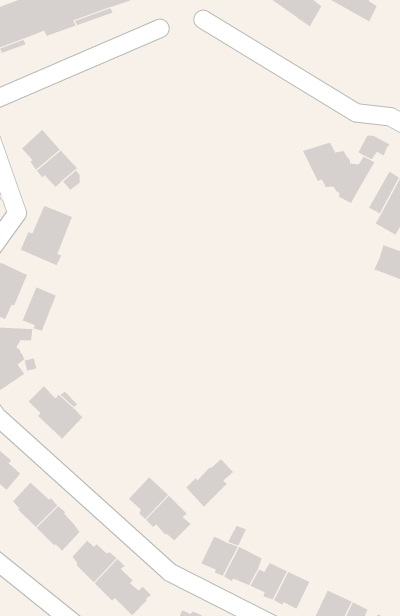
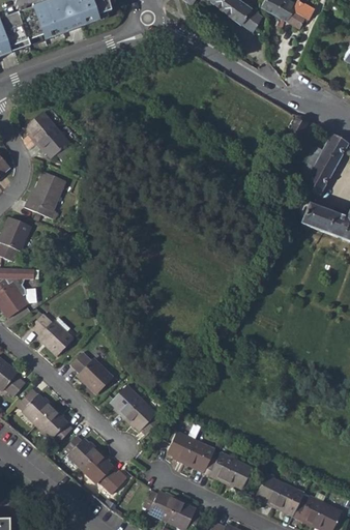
building: [302,142,375,204] -> none
building: [22,286,57,332] -> none
building: none -> [70,351,113,393]
building: [185,459,234,508] -> none

